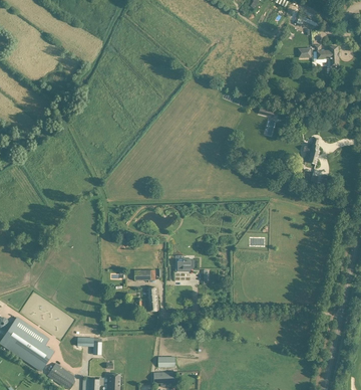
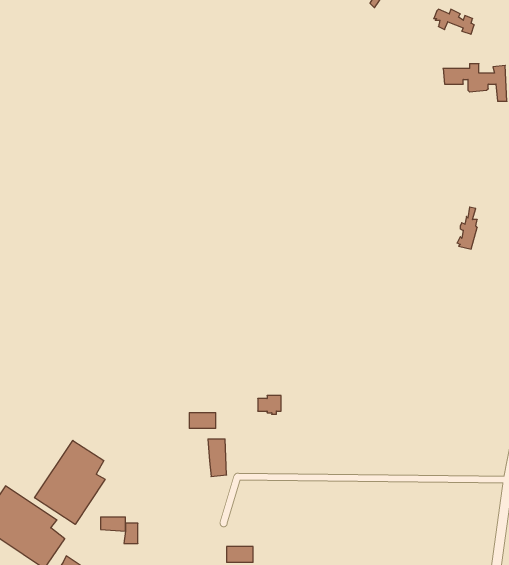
building: none -> [35,440,105,524]

